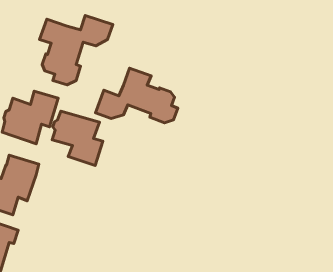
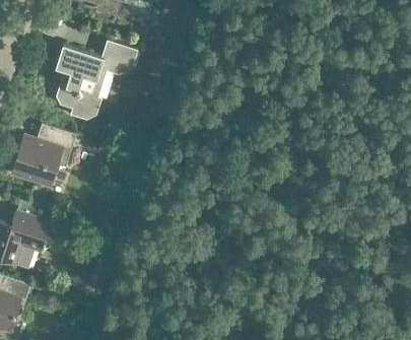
building: [95,68,178,123] -> none
building: [52,111,103,165] -> none

